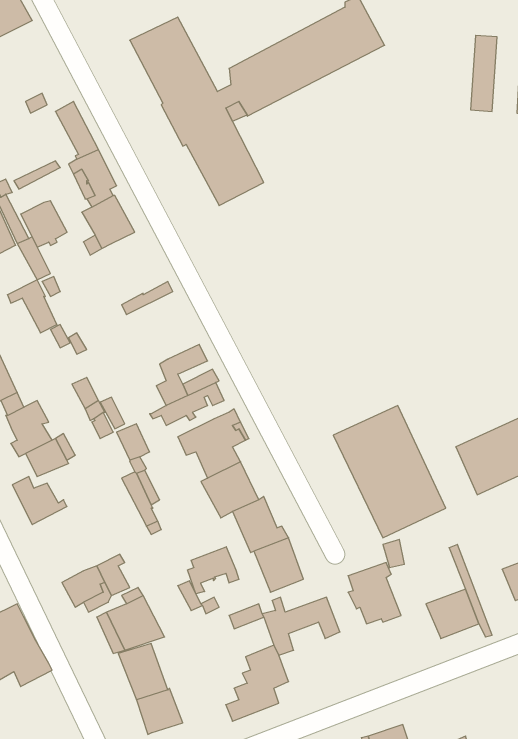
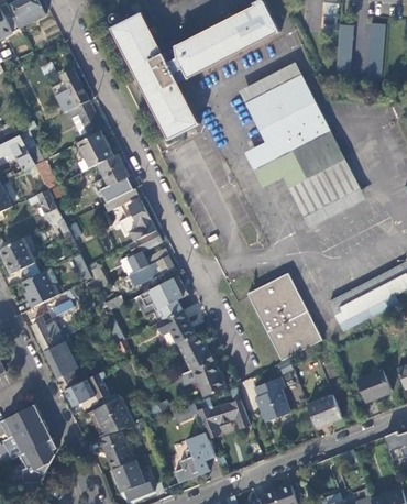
building: none -> [236,61,360,228]
building: [21,201,67,247] -> [97,155,128,186]
building: none -> [118,199,155,241]
building: none -> [44,338,78,390]
building: [187,547,239,594] -> none

